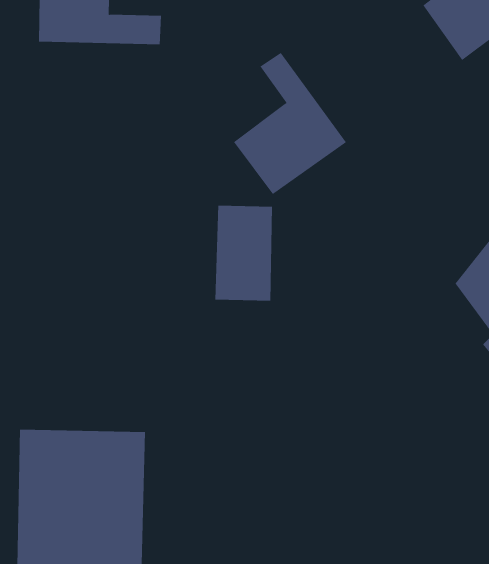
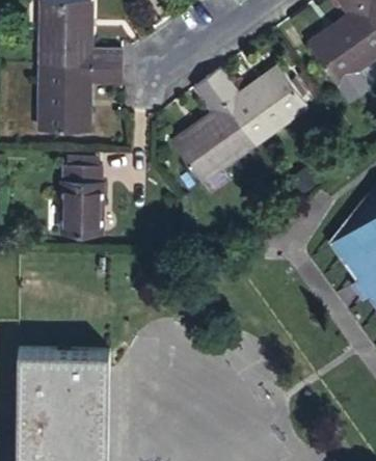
building: none -> [208,64,305,140]
building: none -> [32,69,122,135]
building: [215,205,273,301] -> [68,168,109,237]

